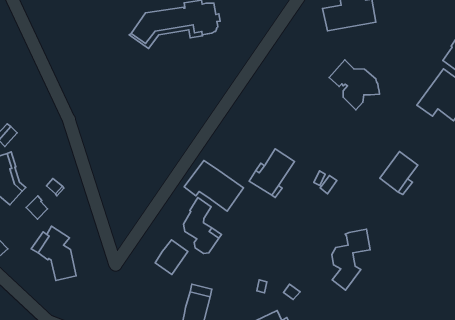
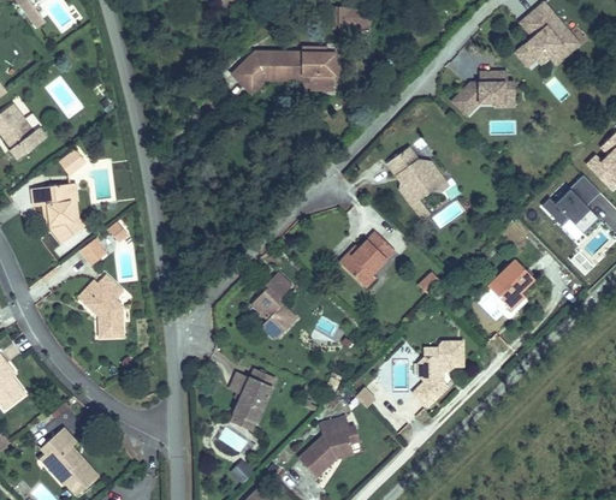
building: [329,60,380,110] -> [387,147,442,206]
building: [184,160,244,211] -> none
building: [155,240,188,275] -> none

